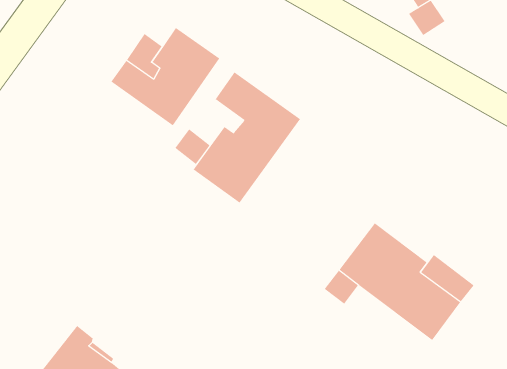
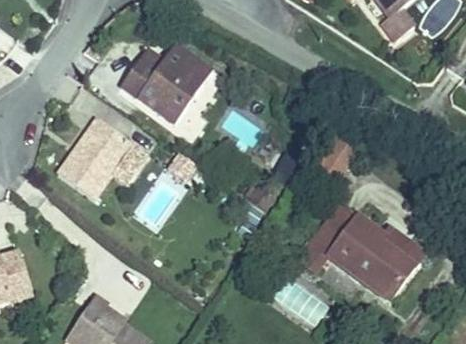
building: [193,72,301,204] -> none
building: none -> [61,128,137,208]

